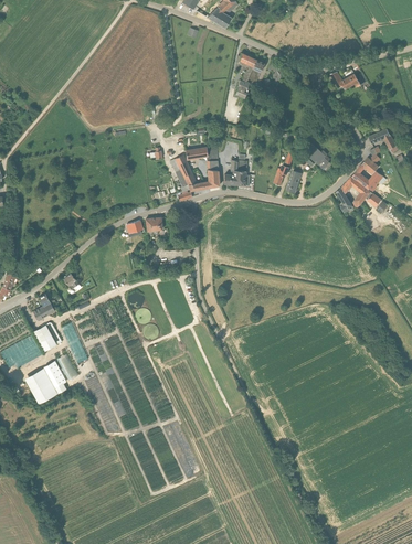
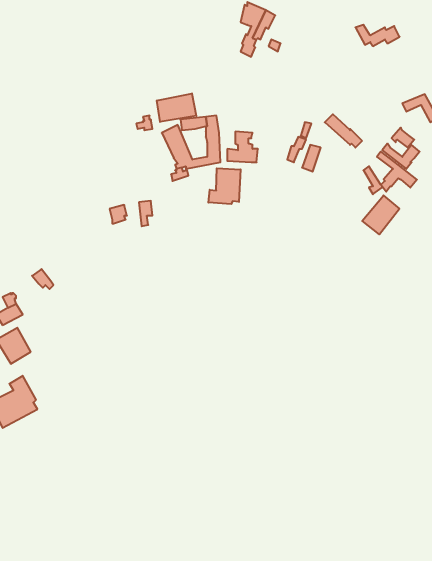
building: none -> [157,93,196,122]
building: none -> [208,168,241,204]
building: none -> [362,195,399,234]

